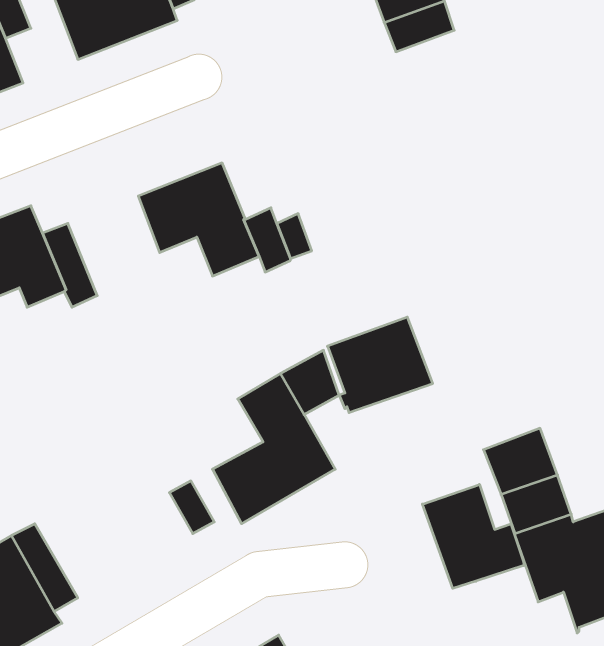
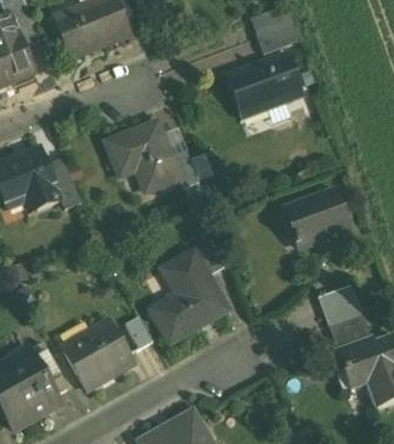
building: none -> [226,54,301,117]
building: [327,317,433,413] -> [285,190,350,248]
building: [422,484,524,588] -> none
building: none -> [61,320,133,389]

